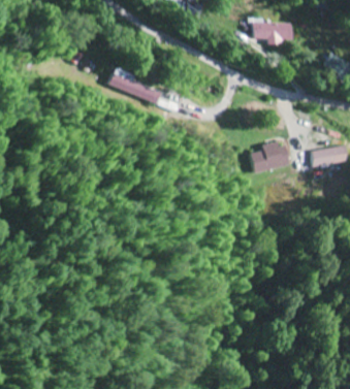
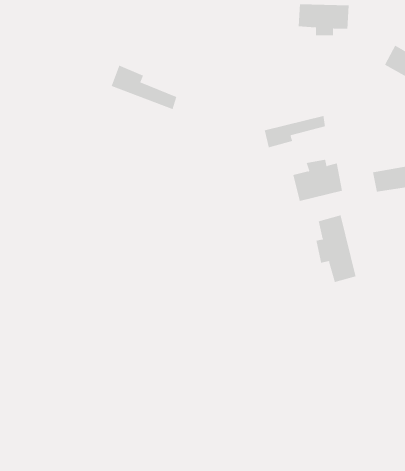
building: none -> [264,115,326,148]
building: none -> [316,214,356,283]

